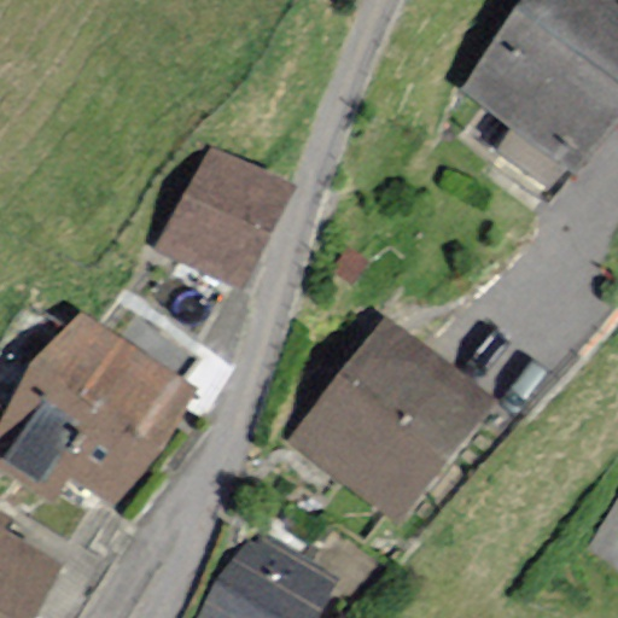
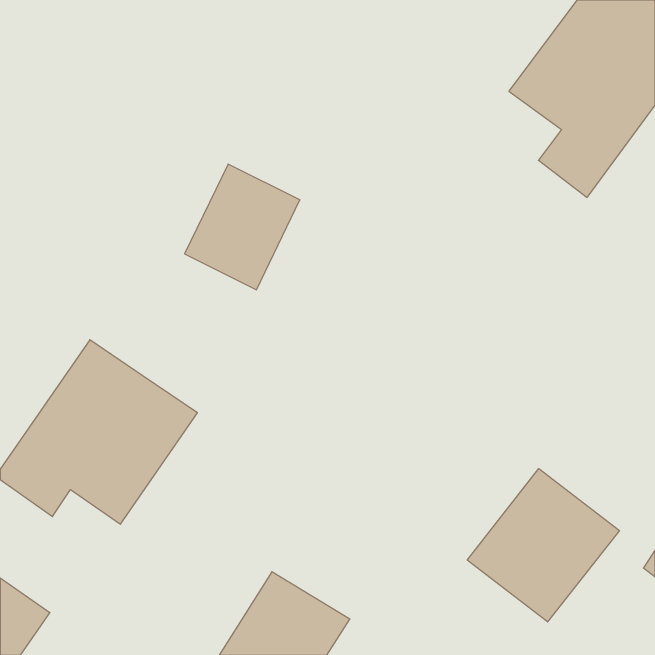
building: [301,327,483,513] -> none
building: none -> [467,469,619,622]

